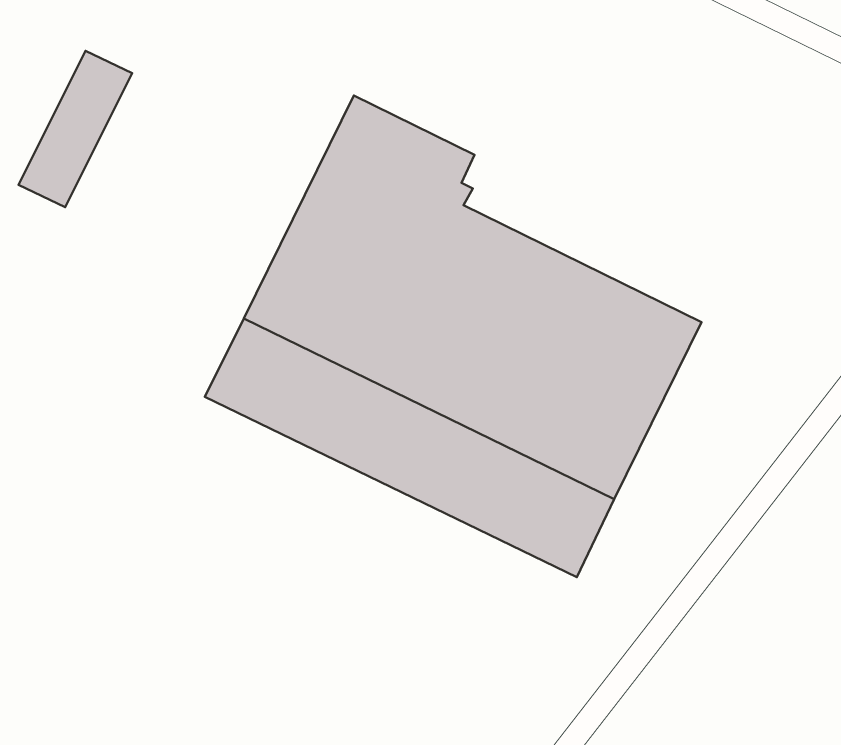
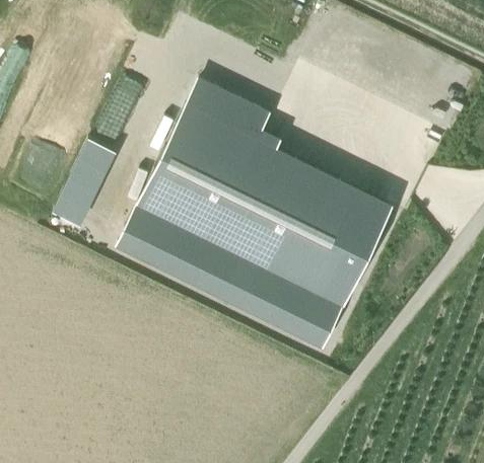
building: [19,51,132,207] -> [53,142,115,227]

